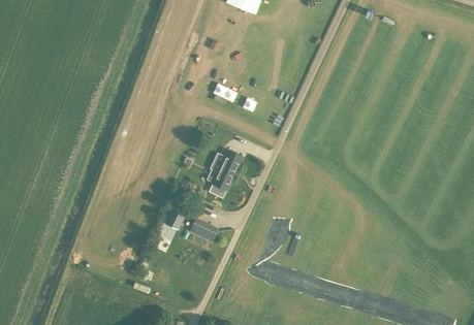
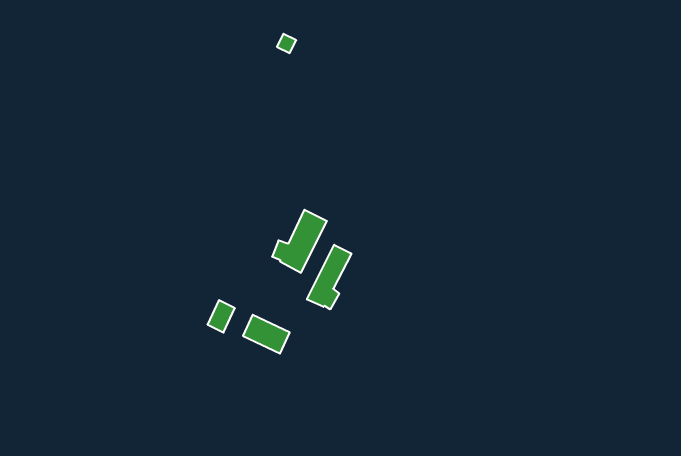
building: none -> [307,245,351,309]

